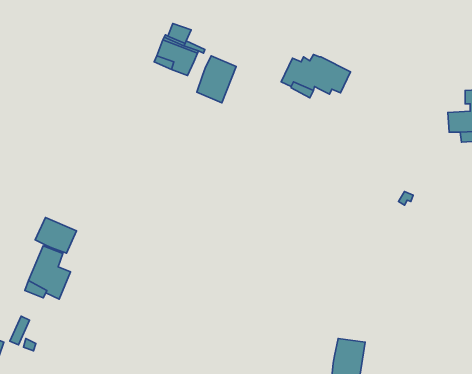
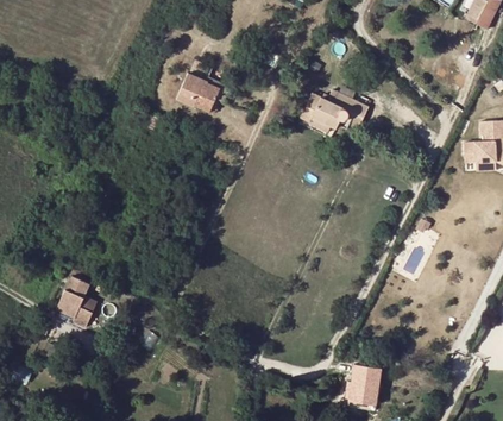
building: [197,56,236,103] -> none
building: [35,217,77,253] -> none

